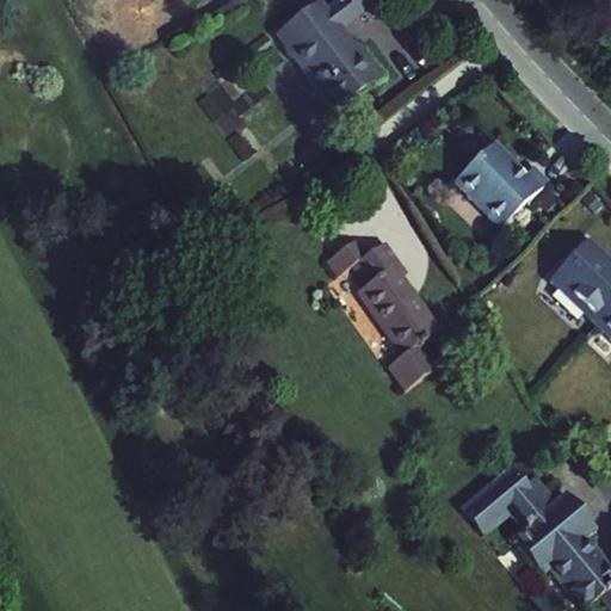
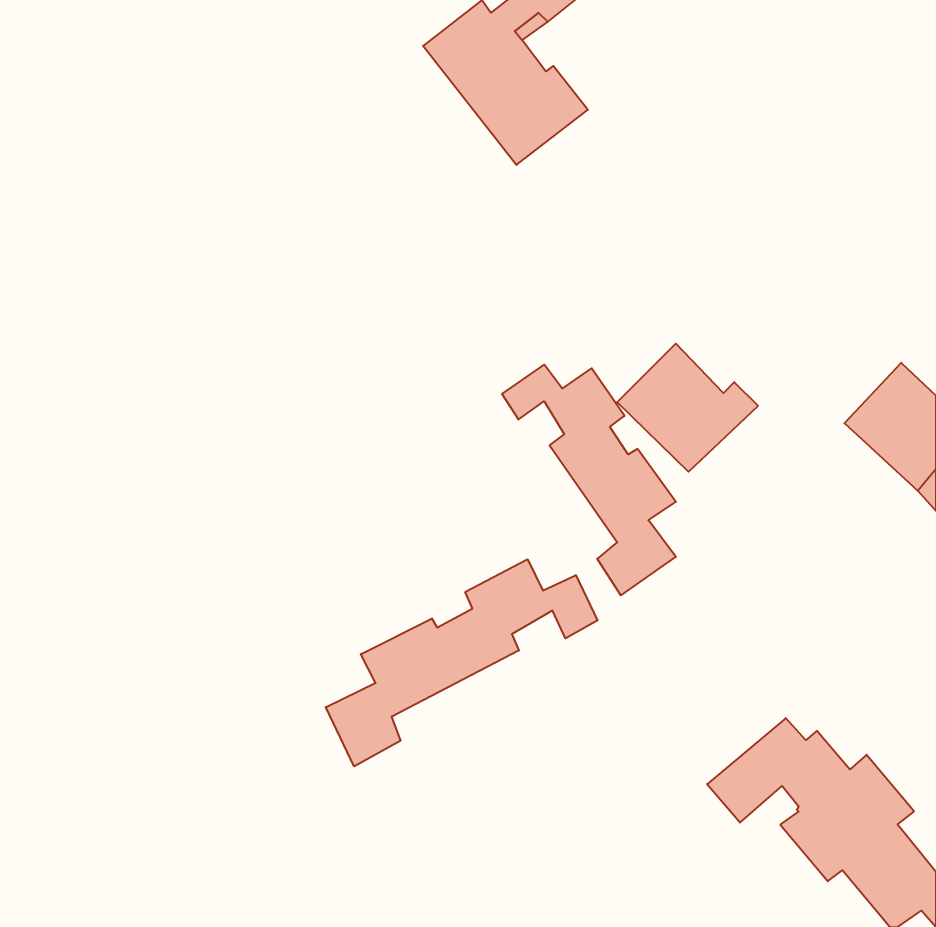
building: [455,140,547,223] -> [617,344,758,472]
building: none -> [326,559,598,766]

